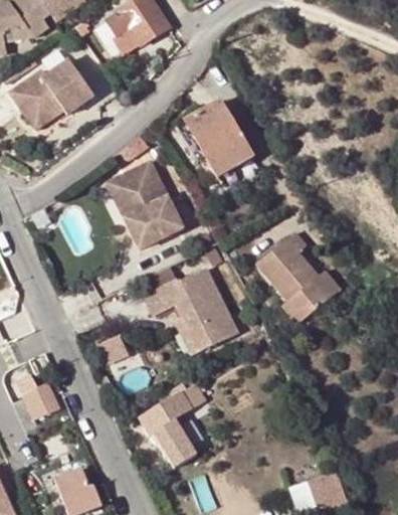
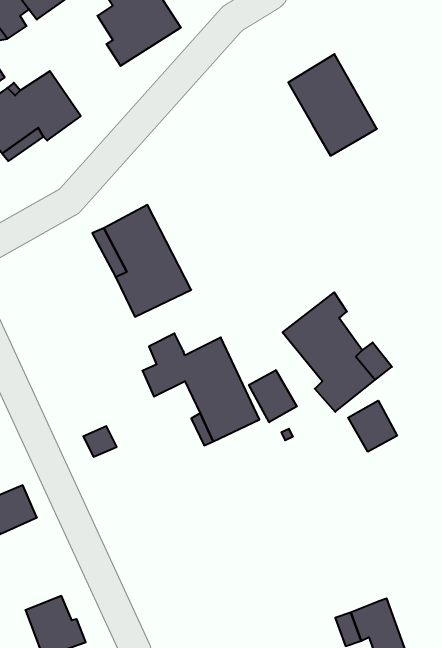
building: [184,99,253,178] -> [288,54,377,156]
building: none -> [249,370,297,422]
building: none -> [348,401,397,452]
building: [135,378,202,468] -> none

